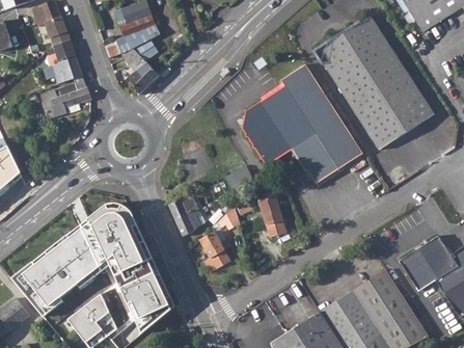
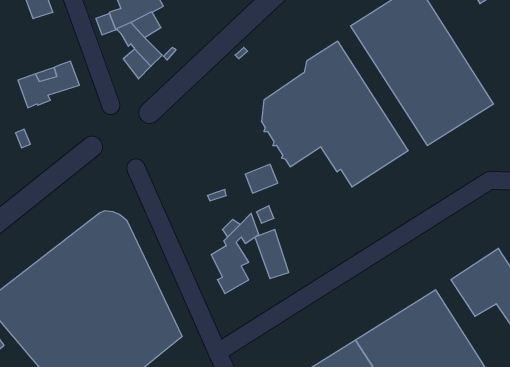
building: [44,38,83,82] -> none
building: [168,193,201,236] -> none
building: [260,195,288,236] -> [255,230,289,279]

